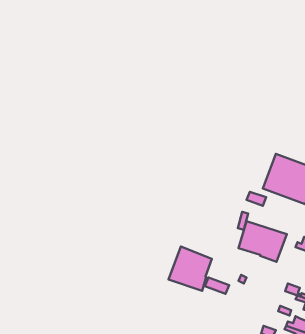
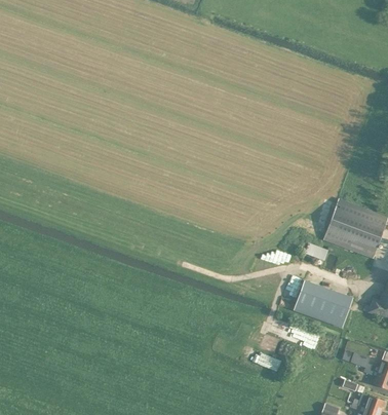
building: [168,246,212,291] -> none

